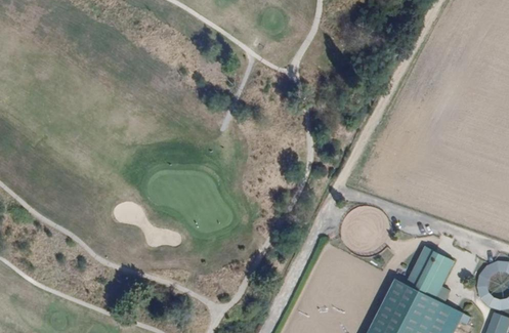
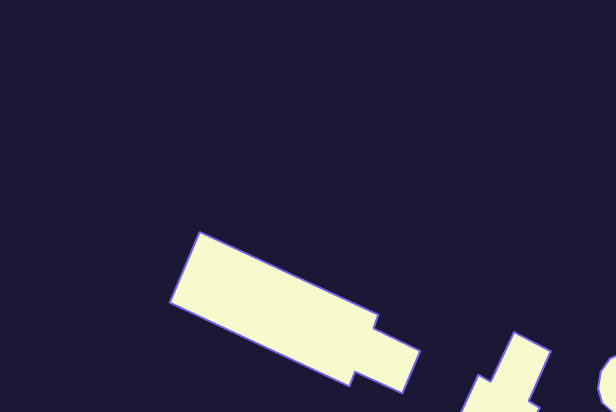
building: none -> [170,232,420,393]

